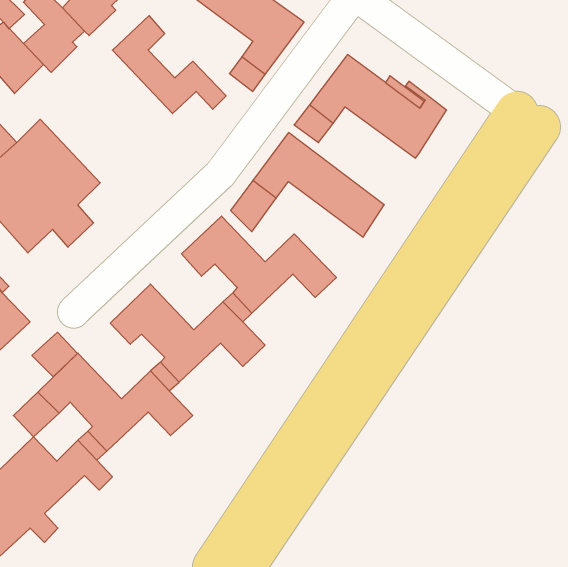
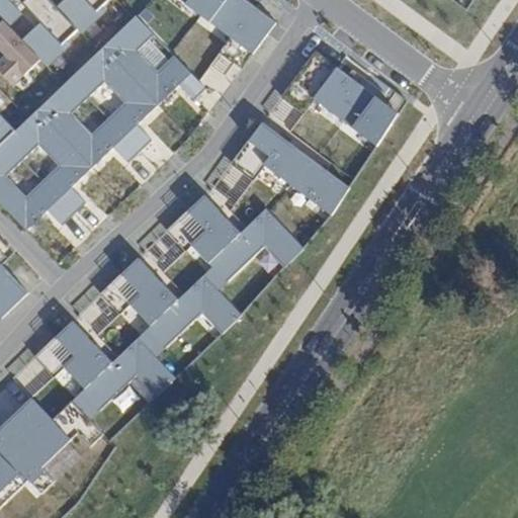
building: none -> [36,46,157,166]
building: none -> [144,231,183,271]
building: [32,332,78,377] -> [77,293,118,334]

